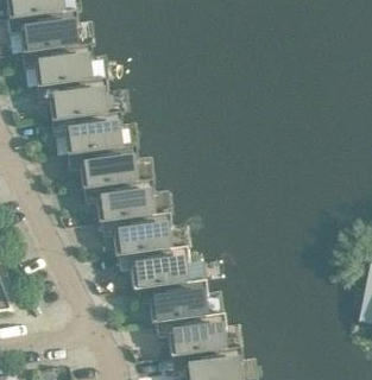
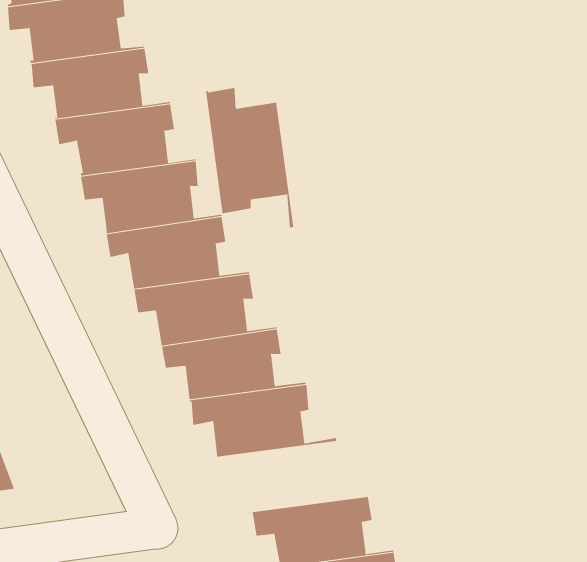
building: none -> [206,87,294,228]
building: [132,279,223,322] -> none

